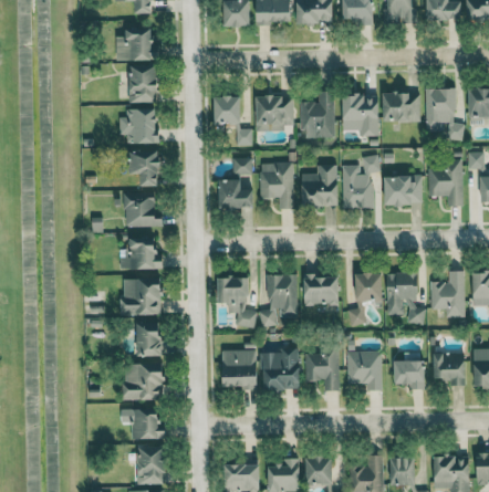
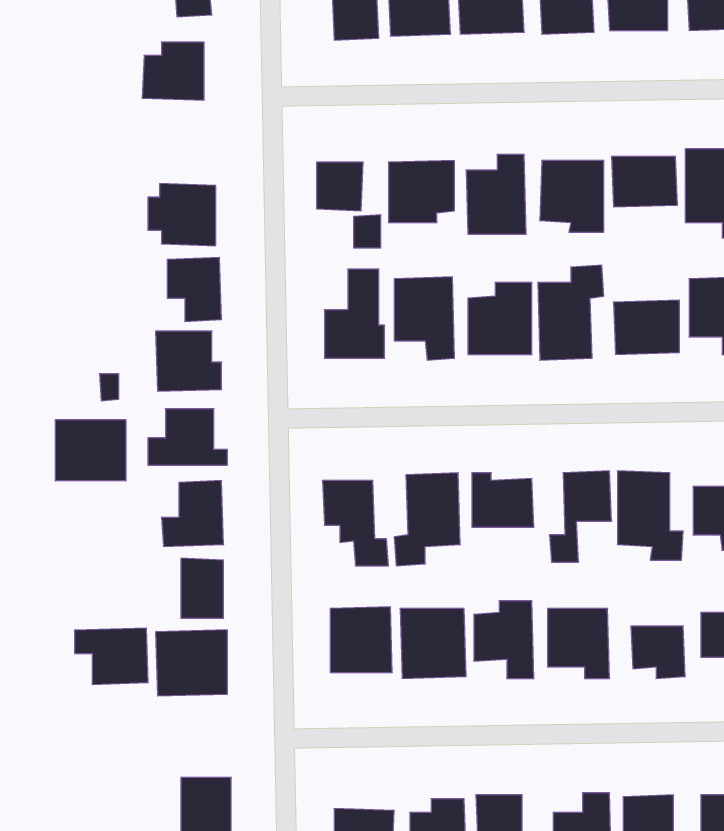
building: [128,64,157,103] -> none
building: none -> [55,420,126,481]
building: [121,408,163,440] -> [75,628,148,684]

